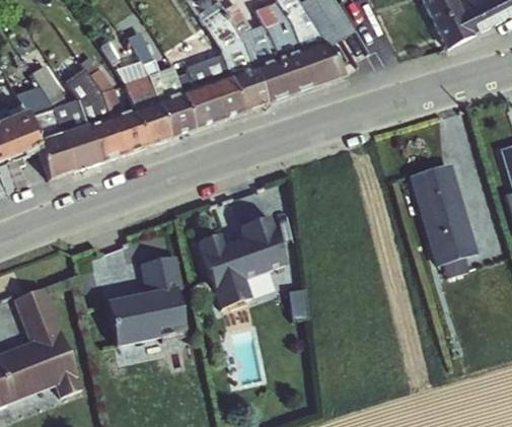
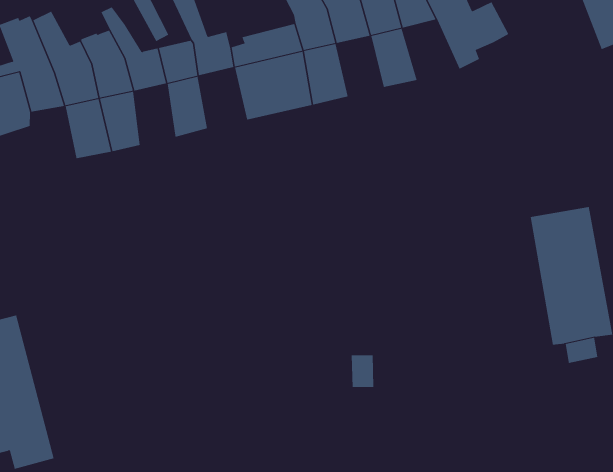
building: [300,38,345,83] -> none
building: [253,55,291,100] -> none
building: [156,88,195,135] -> none
building: [111,105,144,152] -> none
building: [38,130,74,175] -> none
building: [198,214,288,310] -> none
building: [106,254,193,354] -> none

